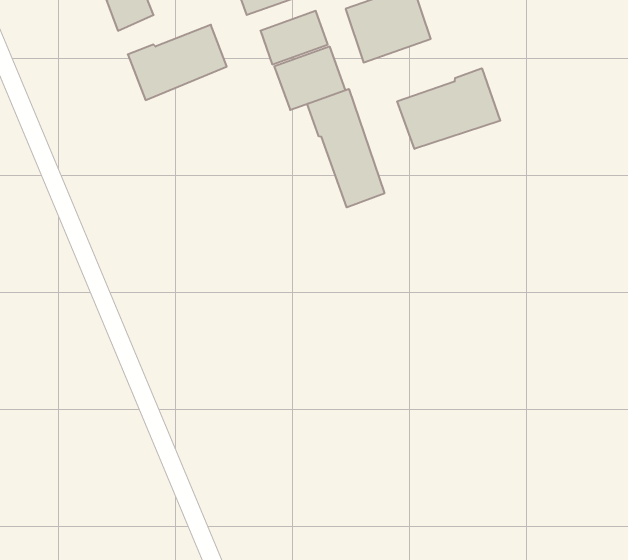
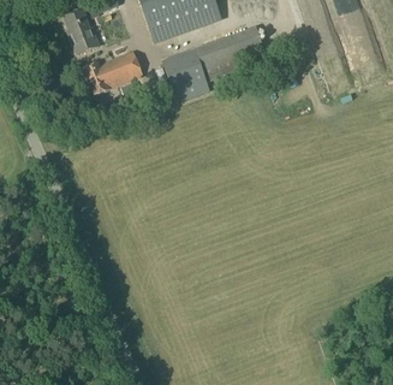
building: [397,68,500,149] -> none
building: [307,89,384,207] -> none

